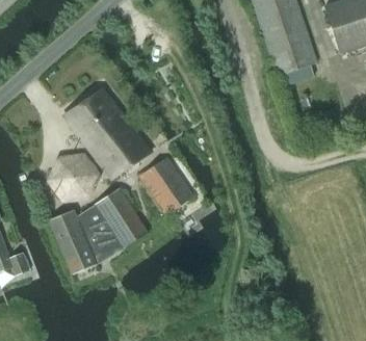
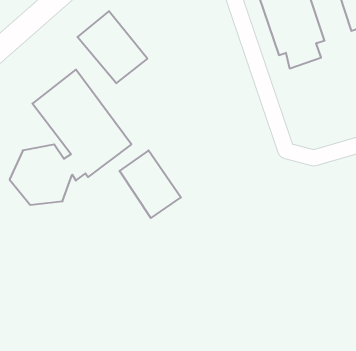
building: none -> [77,11,147,83]
building: [48,187,143,272] -> none

